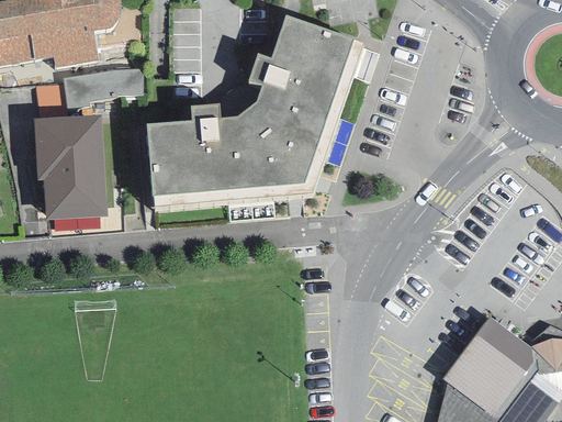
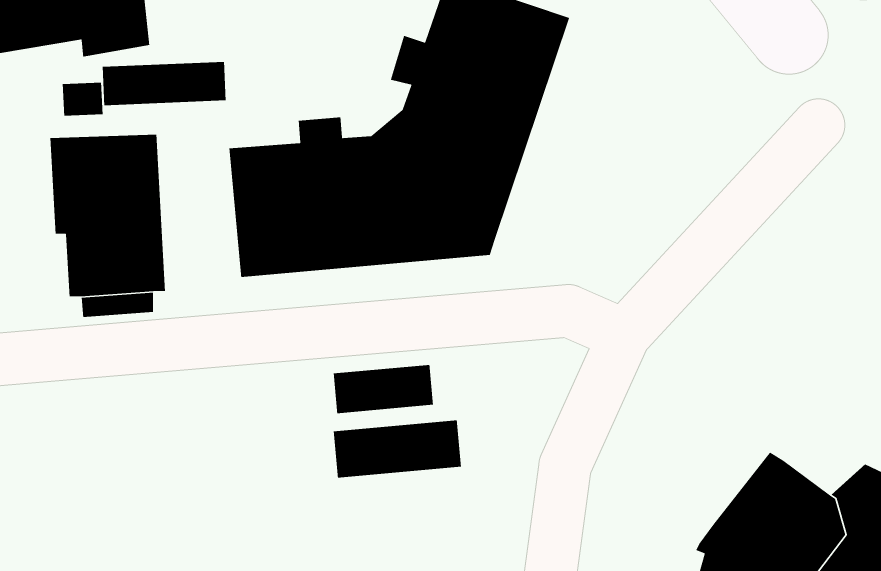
building: none -> [333,364,434,414]
building: none -> [333,420,462,478]

